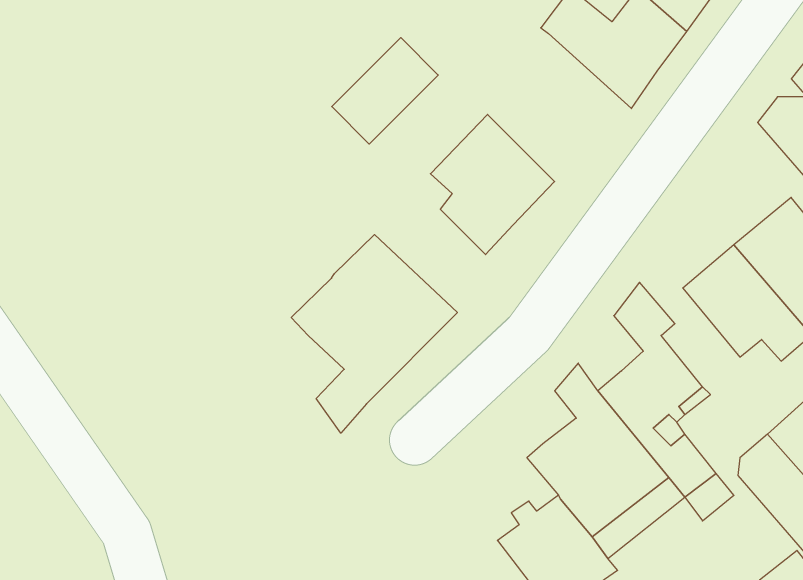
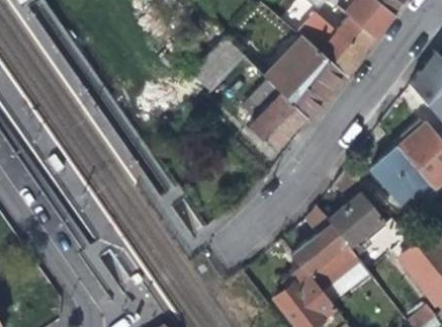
building: none -> [273,38,344,120]
building: [291,235,457,433] -> none

